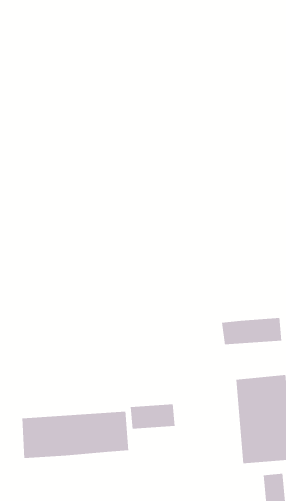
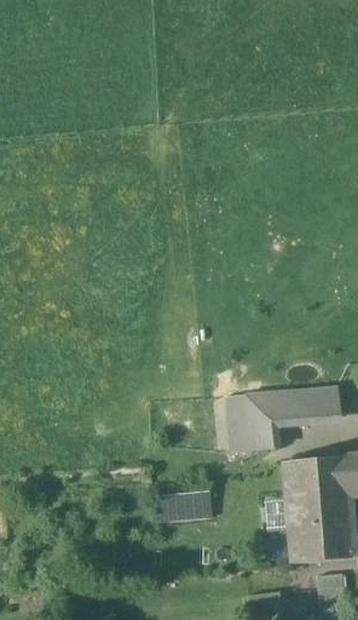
building: none -> [229,392,275,452]
building: [22,411,129,459] -> none

